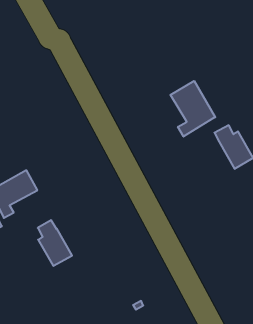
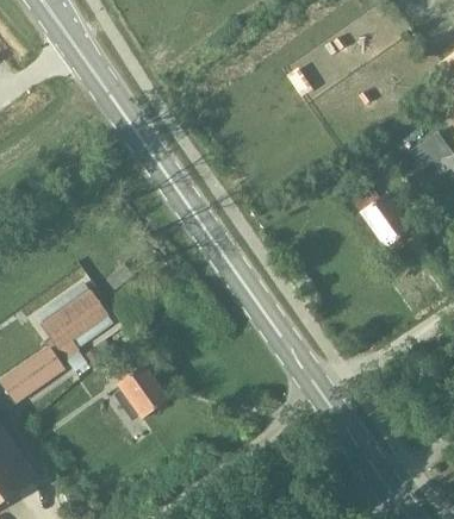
building: [170,81,215,137] -> none

